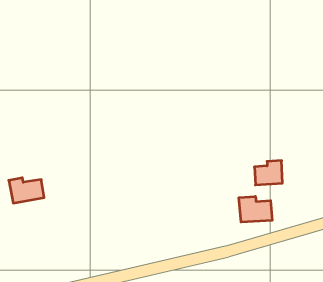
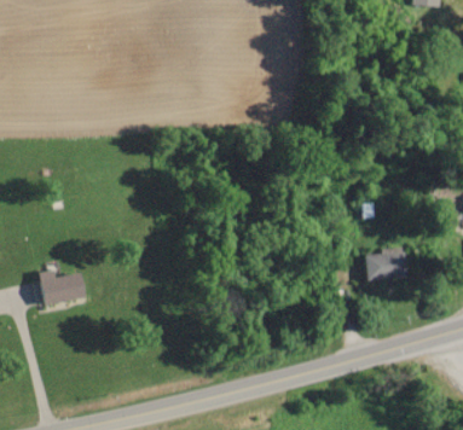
building: [239,196,272,222] -> none

